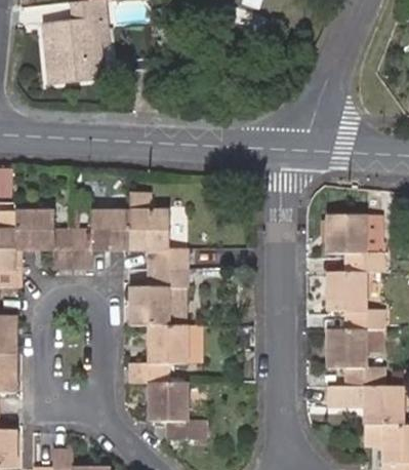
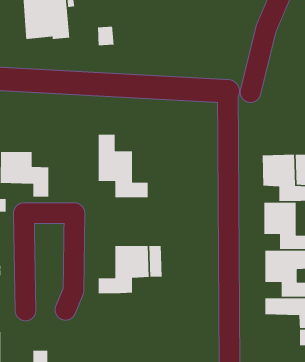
building: [73,212,130,268] -> none
building: [130,269,191,324] -> none
building: [150,381,210,438] -> none

